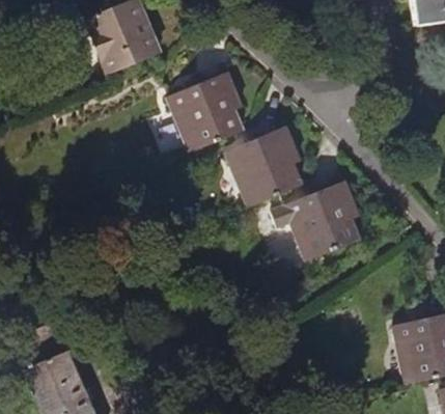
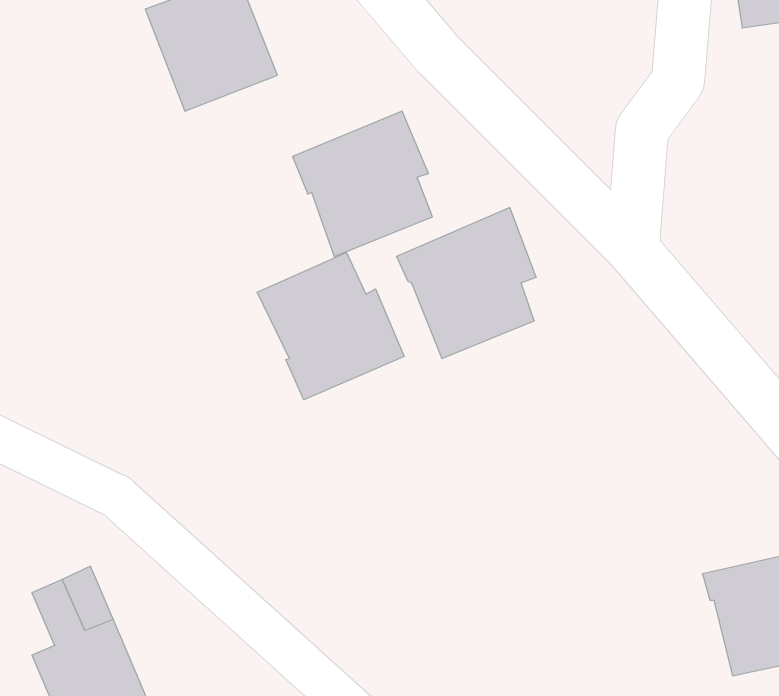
building: none -> [257,252,404,400]
building: [273,182,358,261] -> none

